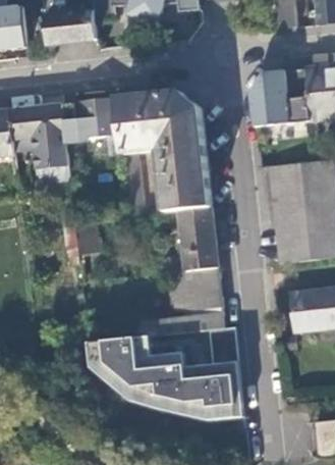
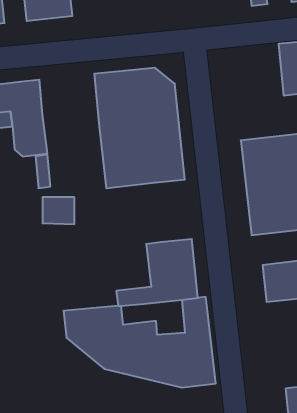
building: [252,67,312,127] -> none
building: [62,98,123,153] -> none
building: [180,206,218,270] -> none

